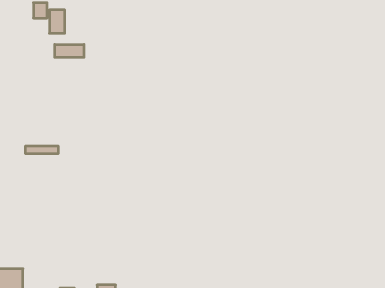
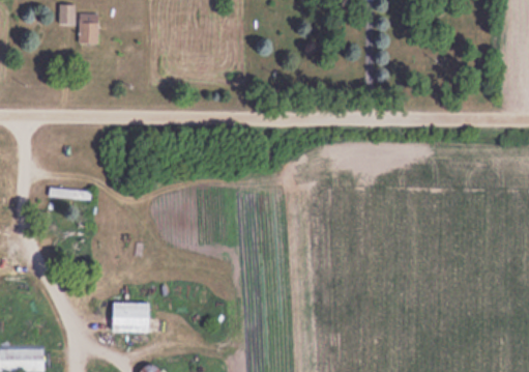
building: [55,44,84,57] -> none
building: none -> [112,303,149,333]

